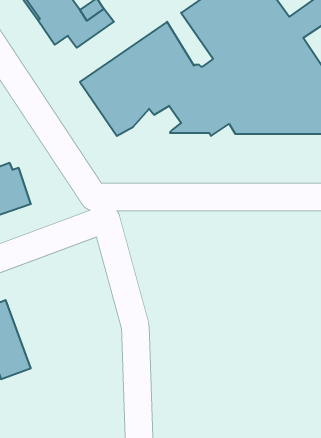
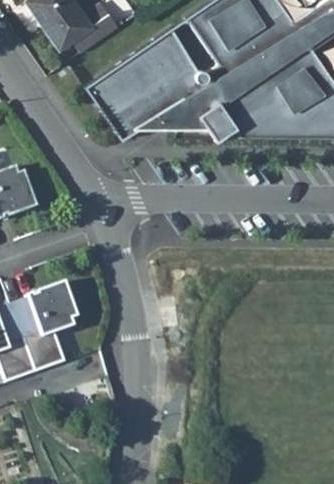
building: none -> [11,281,77,371]

